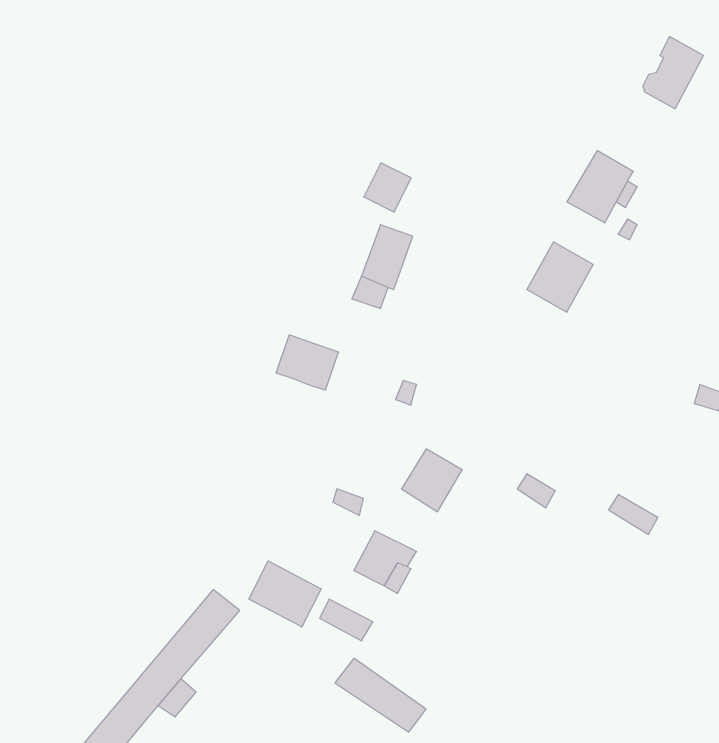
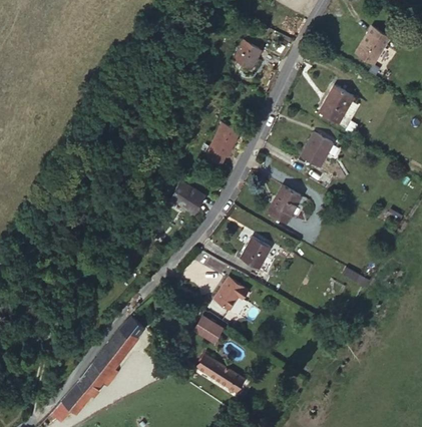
building: [364,163,411,212] -> [237,44,262,70]
building: none -> [266,188,299,226]
building: [249,561,321,627] -> none

